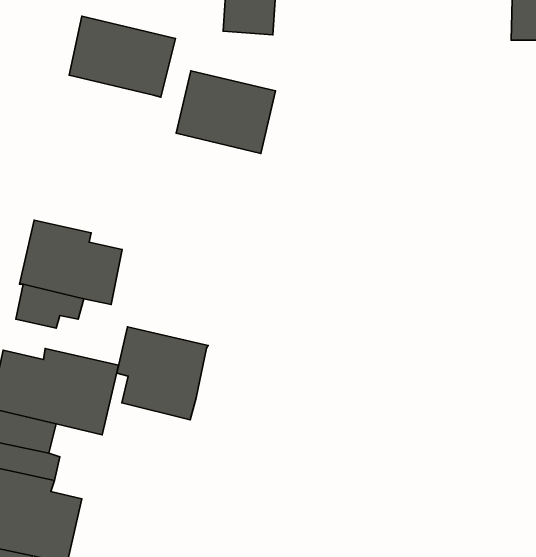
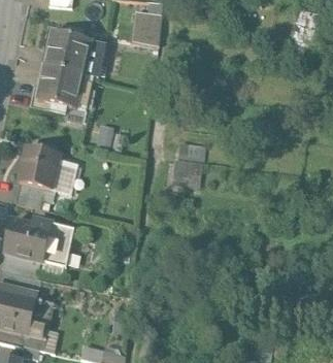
building: [176,71,275,153] -> [38,63,94,109]
building: none -> [173,153,202,183]
building: [117,327,208,420] -> none

